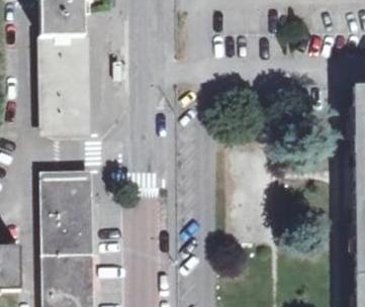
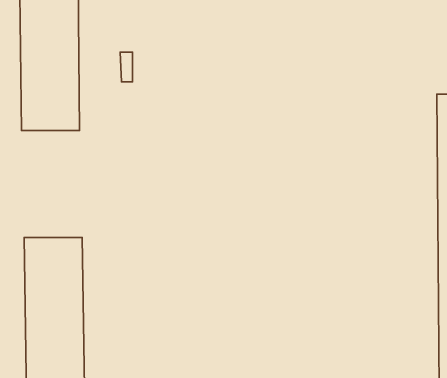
building: [43,112,88,134] -> none
building: [44,169,89,192] -> none

